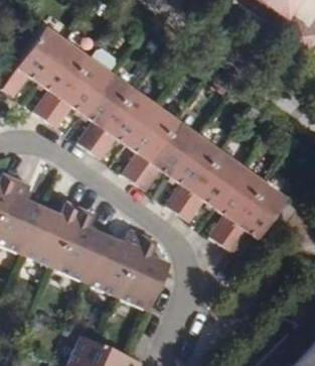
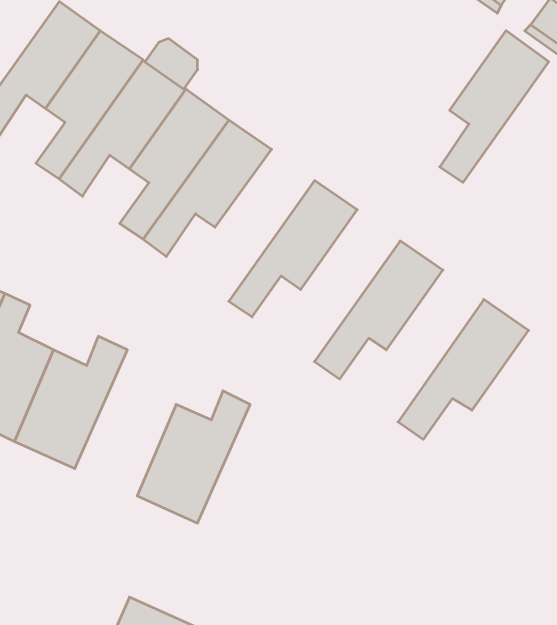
building: [121,103,177,181] -> none
building: [165,134,221,213] -> [440,31,549,182]
building: [209,165,265,244] -> none
building: [53,207,106,282] -> none
building: [117,235,169,311] -> none

